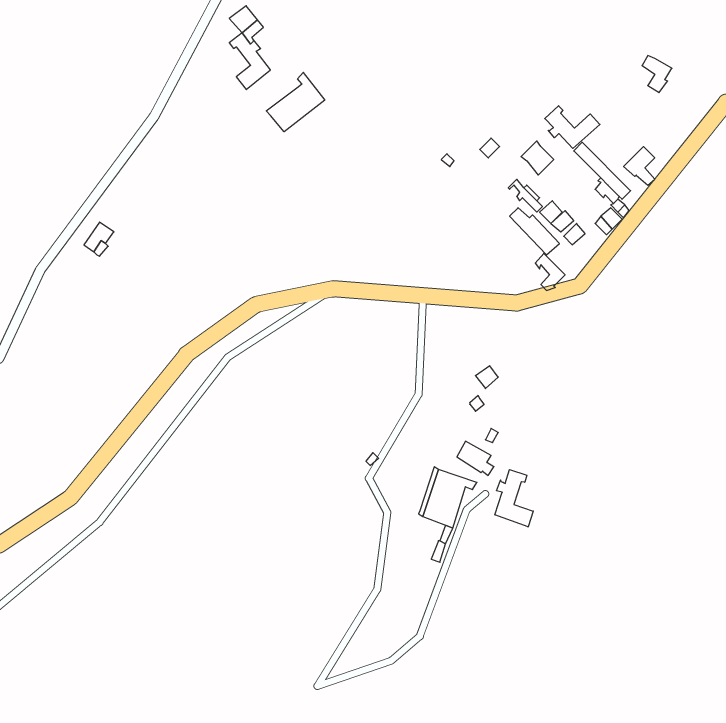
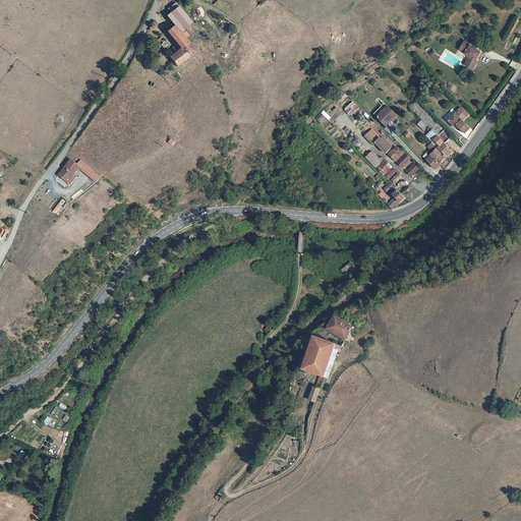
building: [266,72,325,132] -> none
building: [545,106,600,148] -> none
building: [495,470,533,527] -> none

